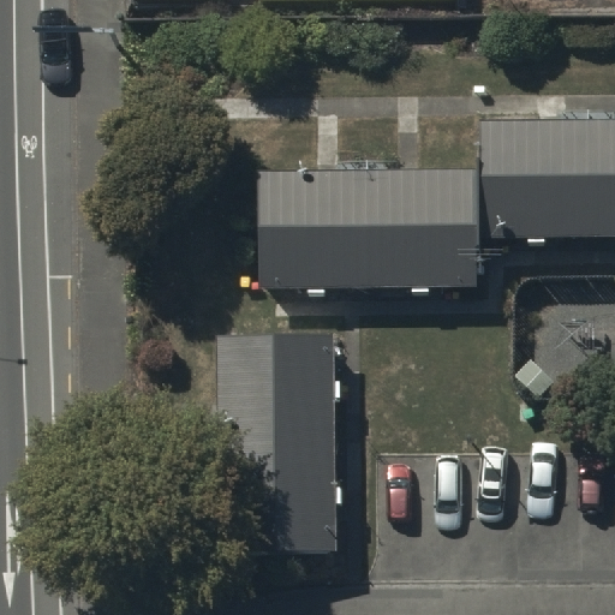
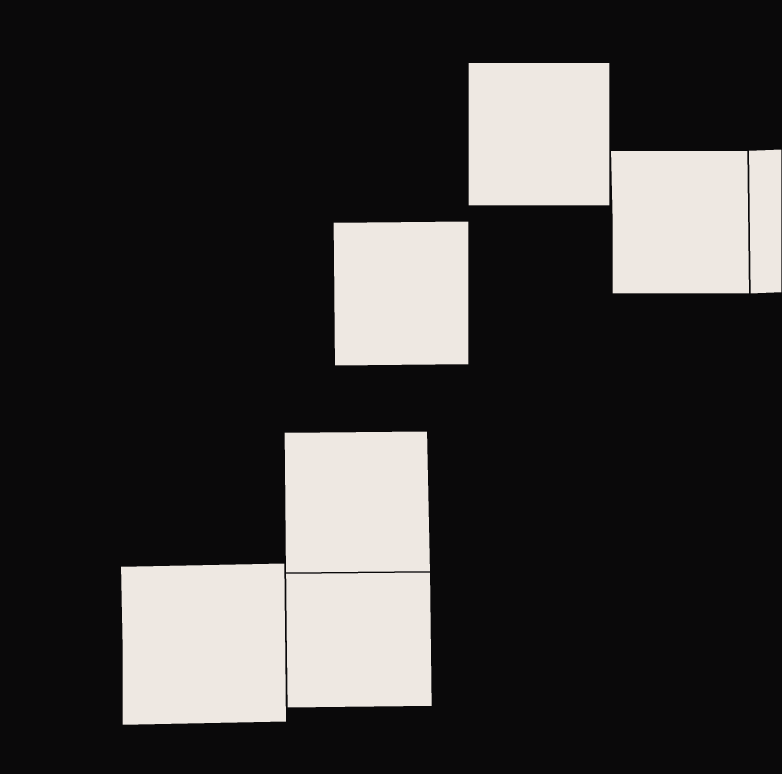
building: [368,173,479,286] -> [468,62,610,206]
building: none -> [120,563,287,725]

